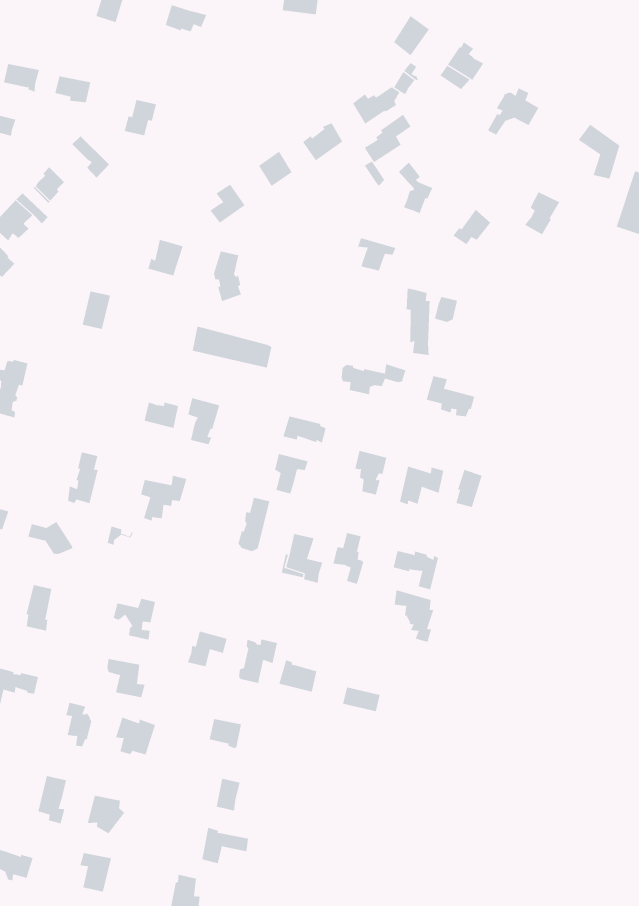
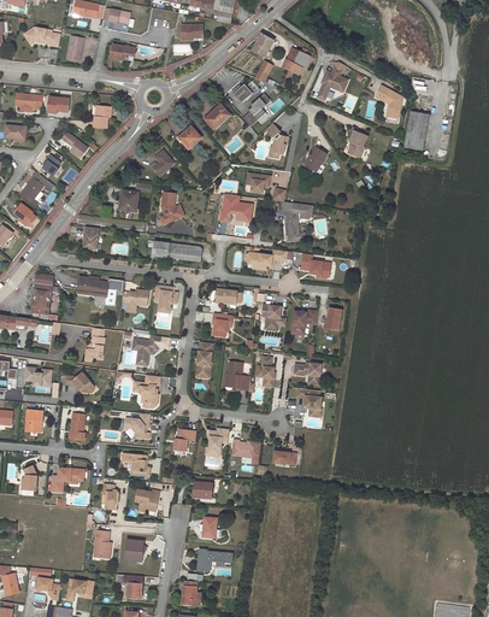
building: none -> [217,192,253,221]
building: none -> [76,277,124,306]
building: none -> [132,375,160,409]

